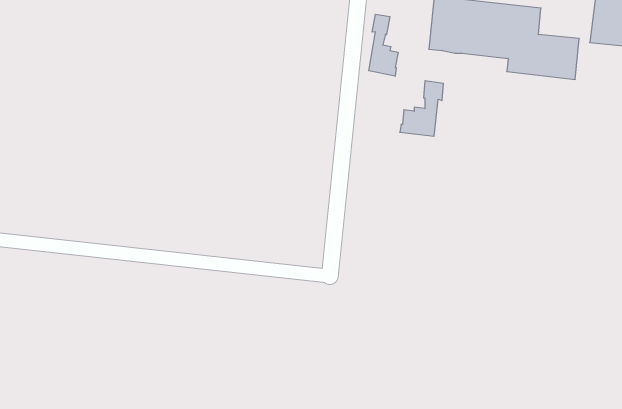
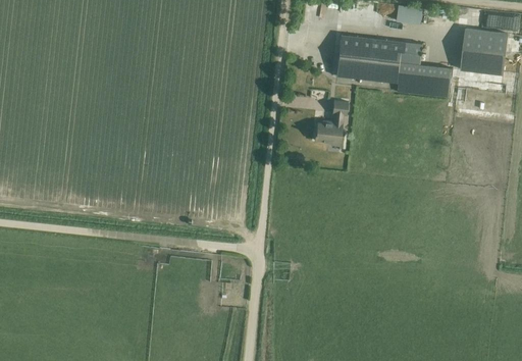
building: [369,14,398,76] -> none

